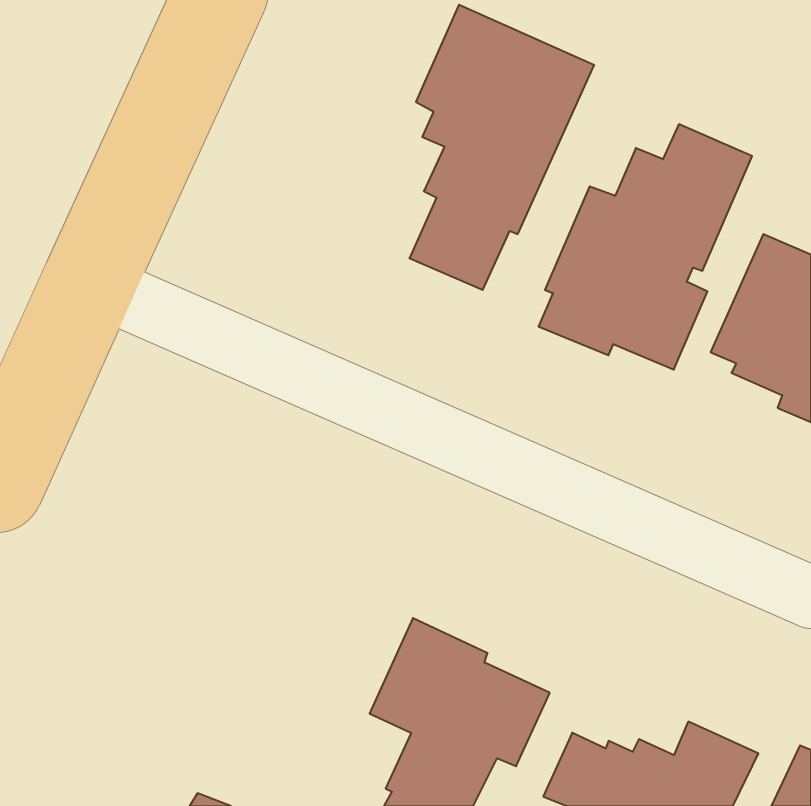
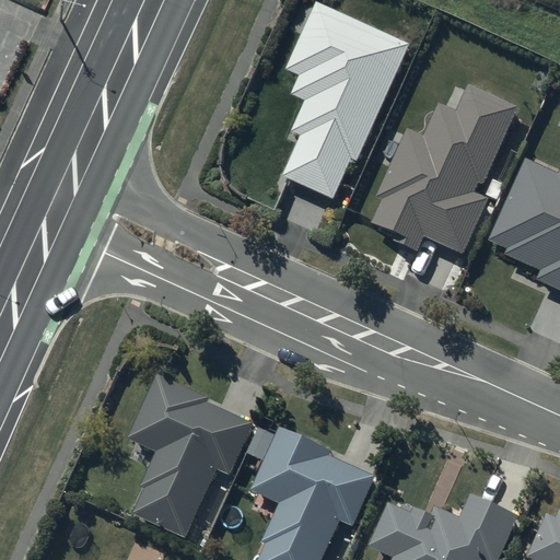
building: none -> [130,374,255,538]

